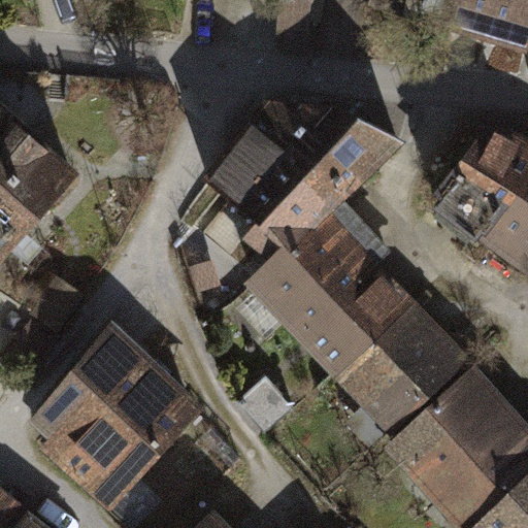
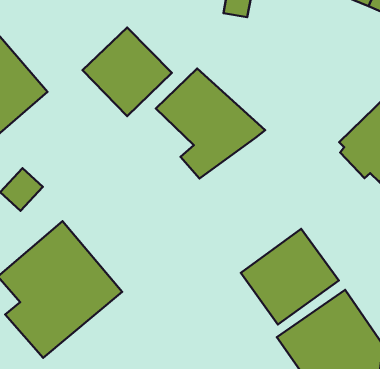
building: none -> [83,27,172,116]
building: [254,103,398,191] -> none
building: [254,201,407,370] -> none

